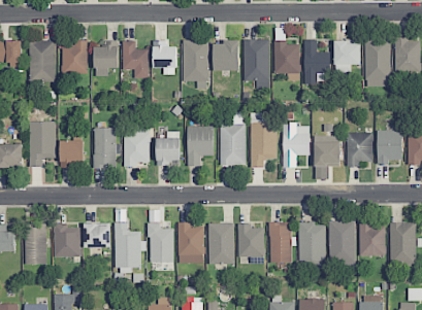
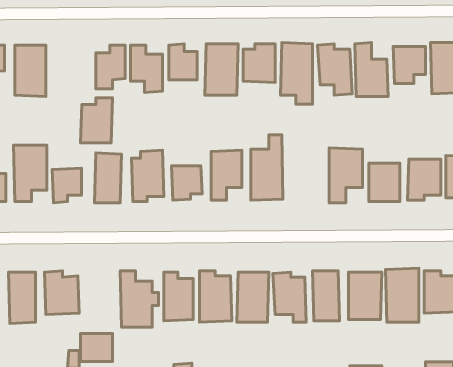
building: [62,40,88,76] -> [80,98,113,143]
building: [251,122,278,167] -> none
building: [85,225,110,247] -> [80,333,112,362]

